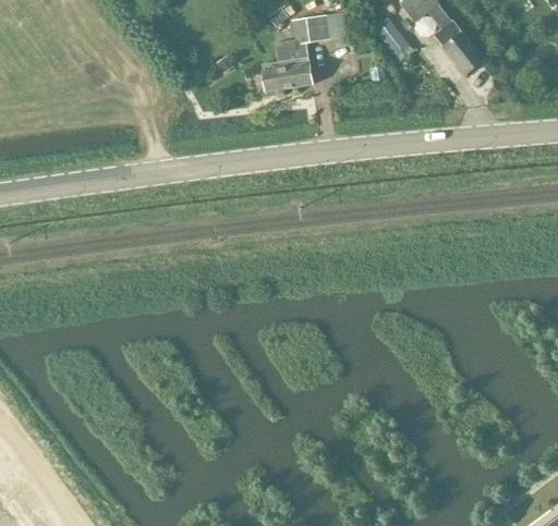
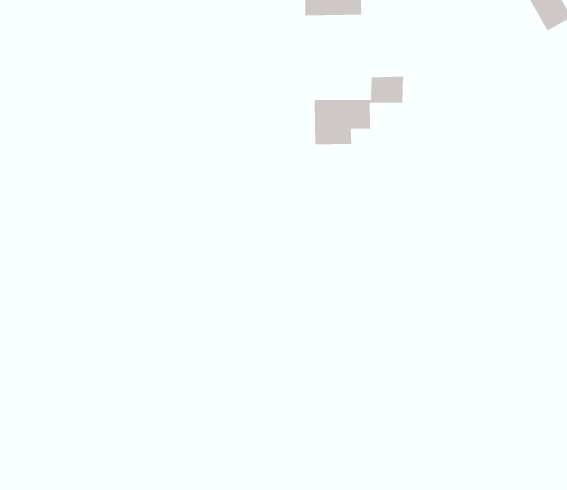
building: none -> [314,76,404,145]

